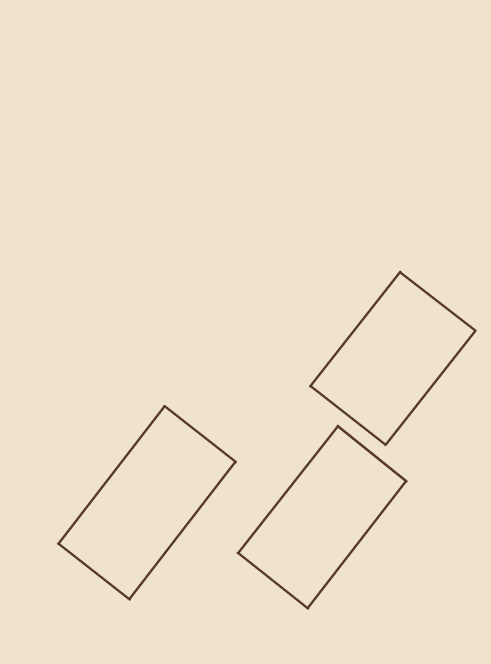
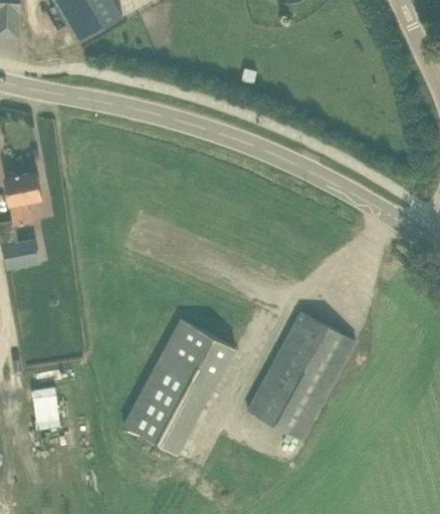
building: [310,272,475,445] -> none

